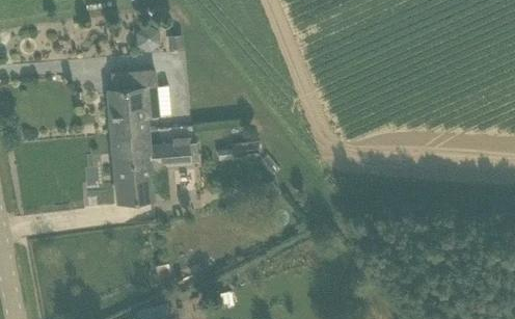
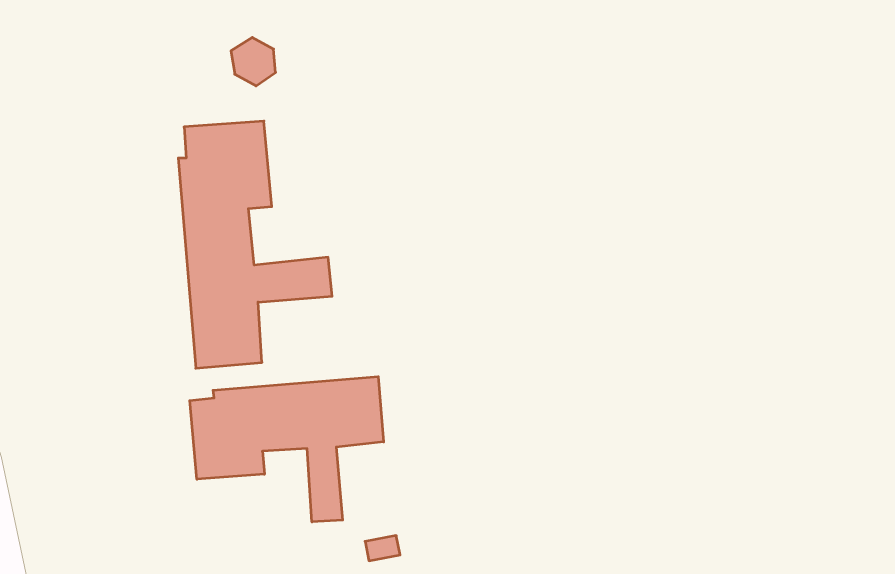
building: none -> [190,377,384,522]

